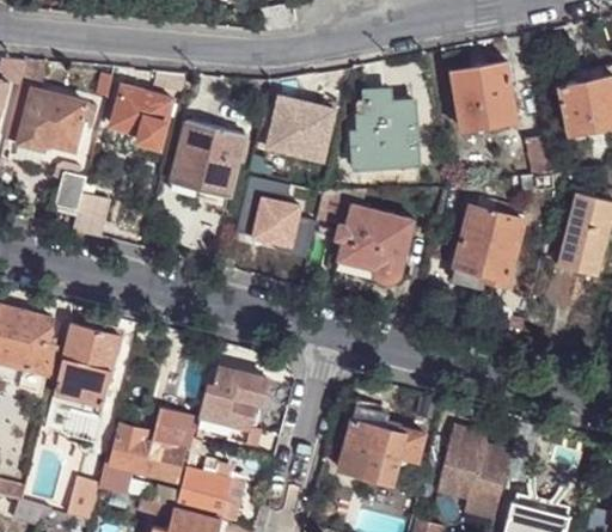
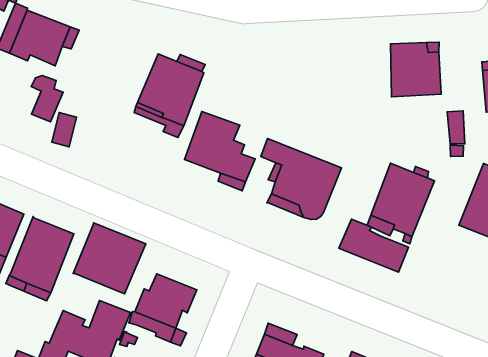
building: [110,82,171,145] -> none
building: [351,90,416,167] -> none
building: [255,93,332,159] -> none
building: none -> [339,219,408,272]
building: none -> [73,223,146,294]

